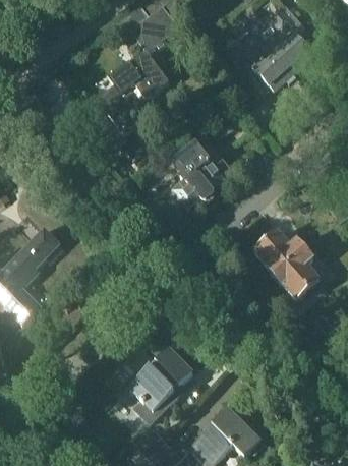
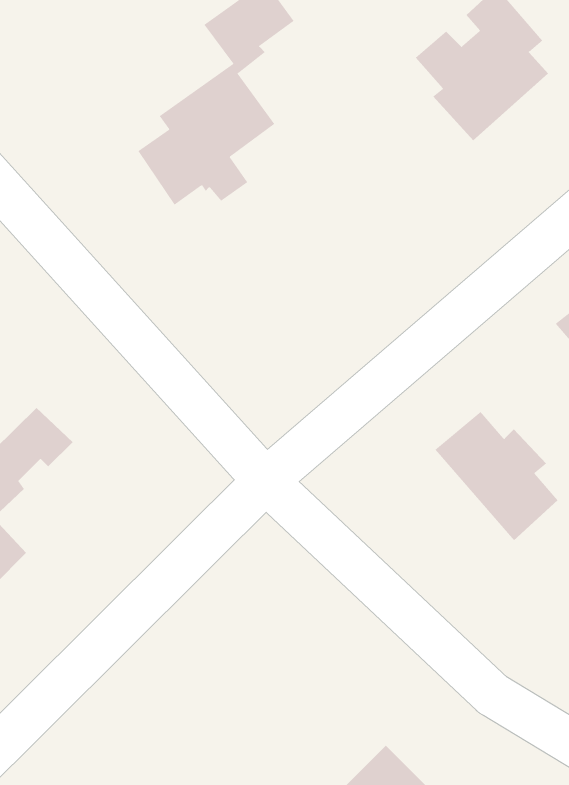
building: [171,141,224,208] -> none
building: [125,345,191,420] -> none

